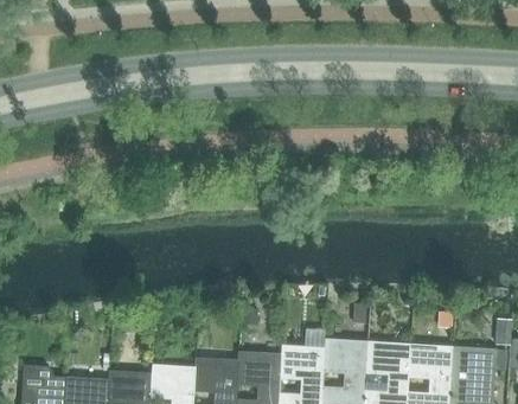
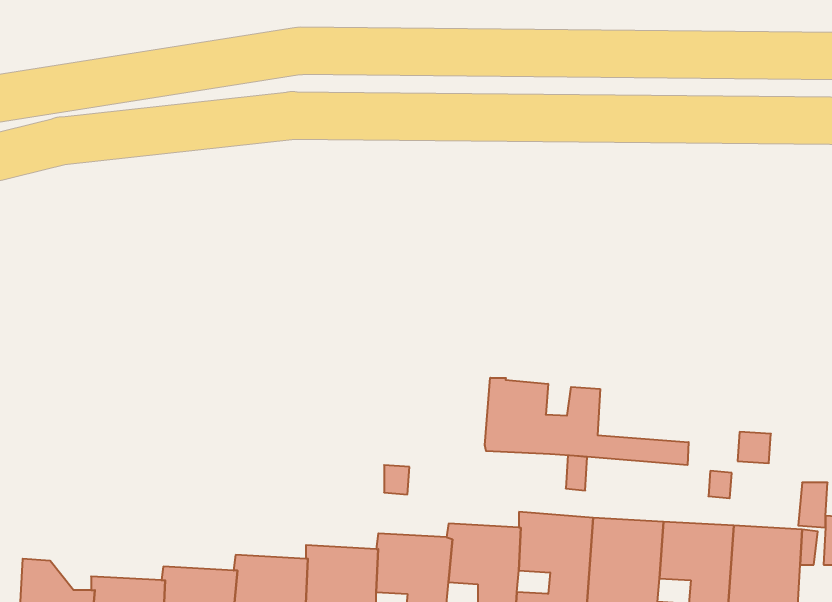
building: none -> [485,378,689,465]

